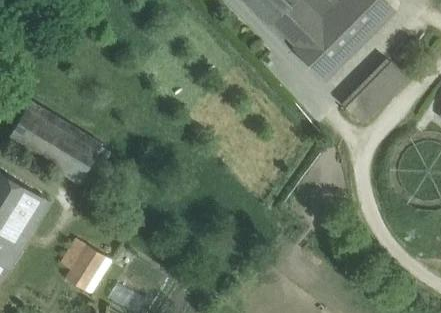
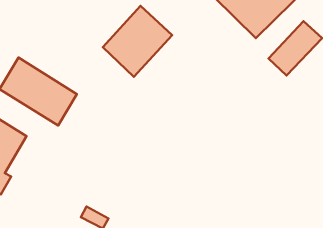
building: none -> [103,6,172,77]
building: [60,235,113,293] -> none

